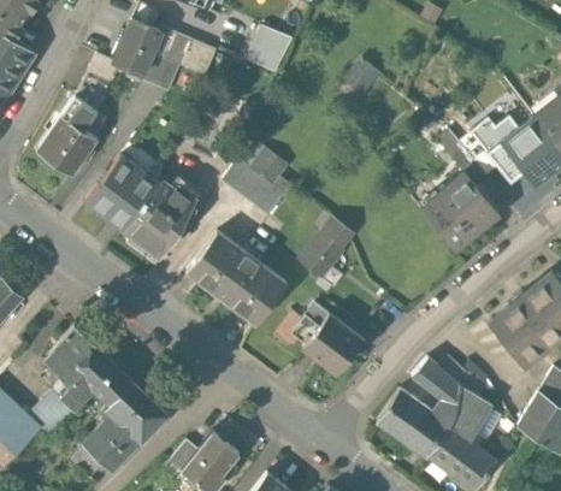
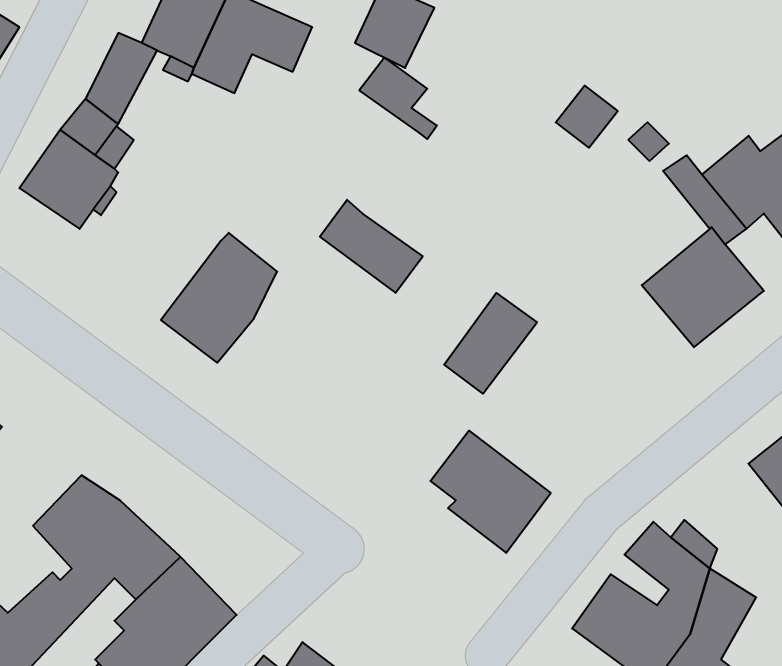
building: [343,58,382,96] -> [556,86,618,148]
building: [248,146,296,196] -> [359,58,437,139]
building: [84,154,160,232] -> none
building: [187,231,285,325] -> none

